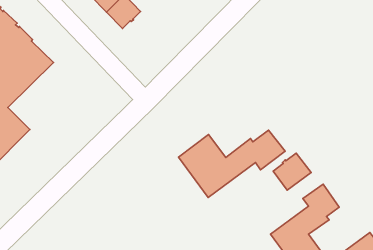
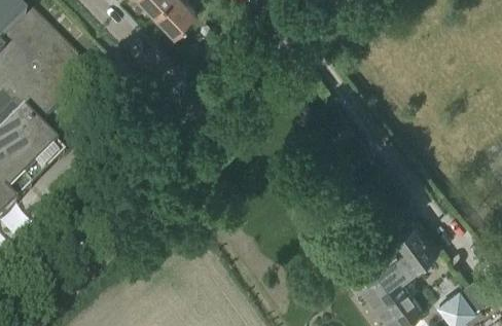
building: [178,130,285,198] -> none
building: [273,153,311,190] -> none

